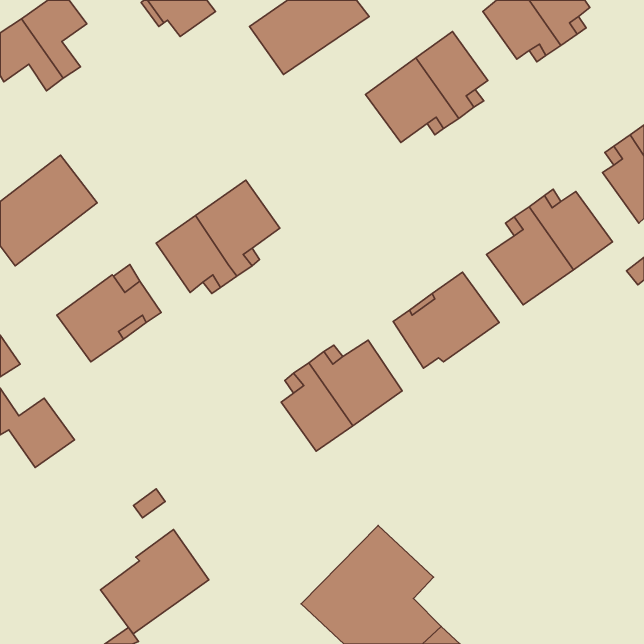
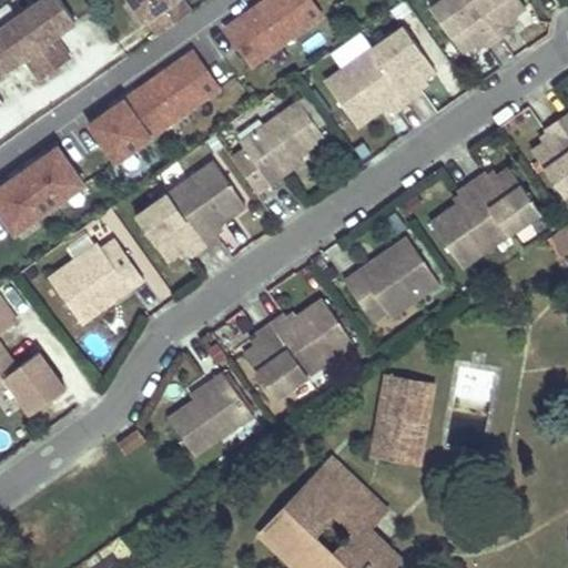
building: none -> [83,41,223,163]
building: none -> [235,102,321,191]
building: none -> [377,375,434,459]
building: [100,529,209,634] -> [162,368,257,460]

